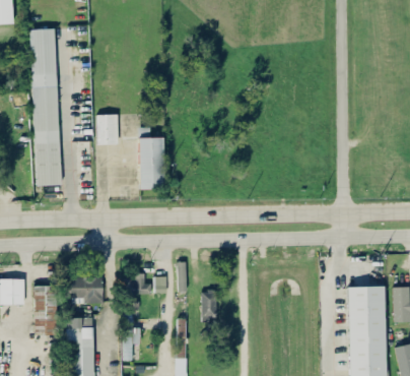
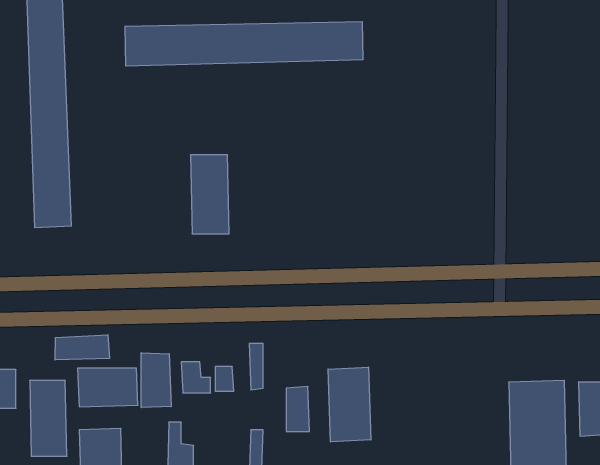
building: none -> [125,22,363,66]
building: [97,114,119,144] -> none
building: none -> [55,335,109,360]
building: none -> [141,353,171,408]
building: none -> [328,367,371,442]

